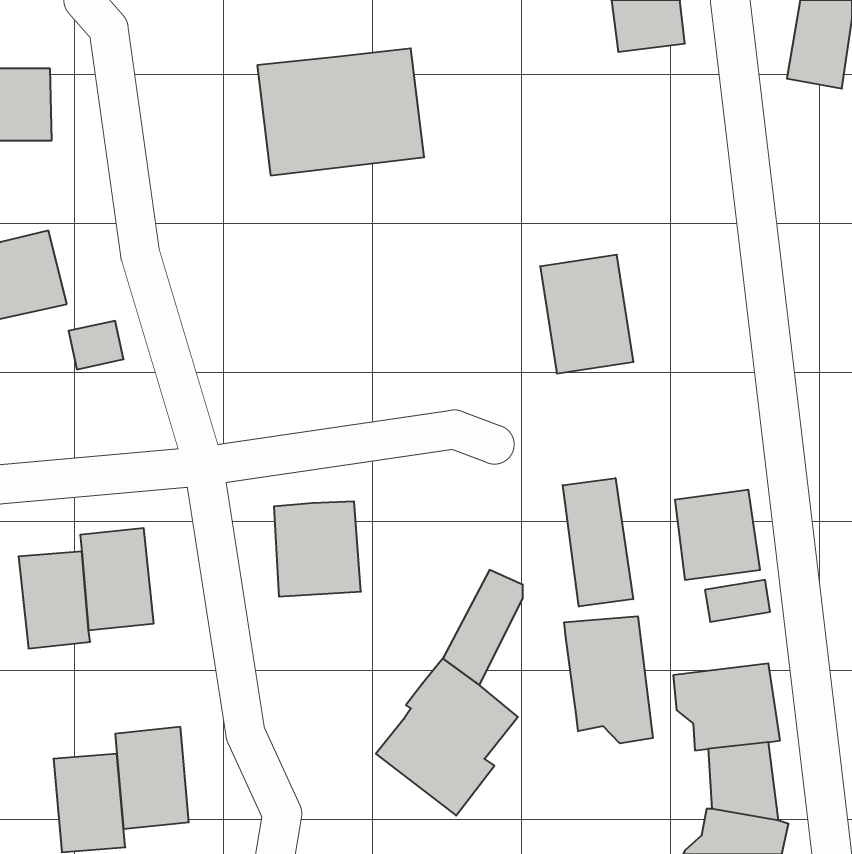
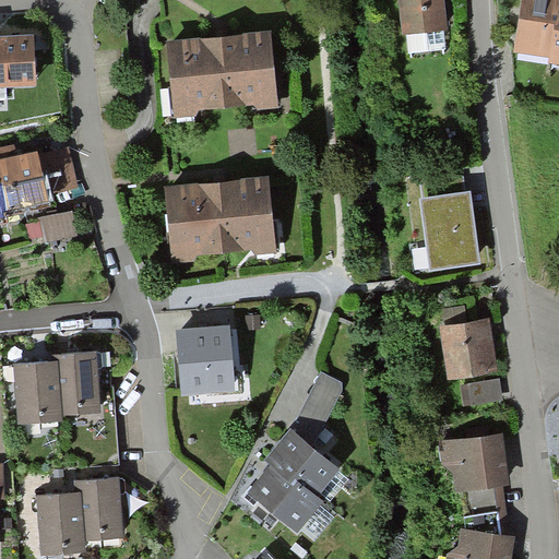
building: [540,255,634,373] -> [417,189,478,266]
building: none -> [165,180,273,263]
building: [563,478,633,607] -> none
building: [564,616,653,743] -> none

